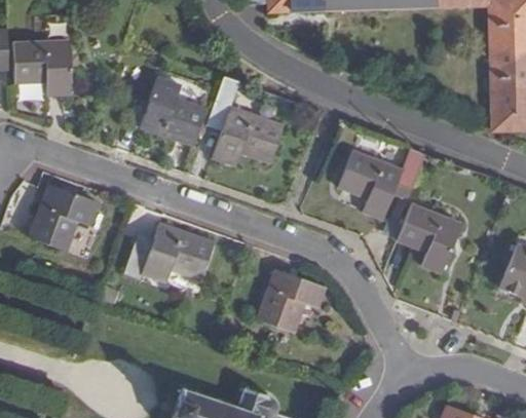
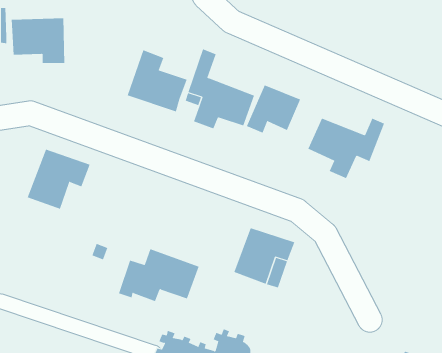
building: none -> [246,84,301,133]
building: [397,204,460,272] -> none
building: [124,224,214,282] -> [118,249,199,302]

